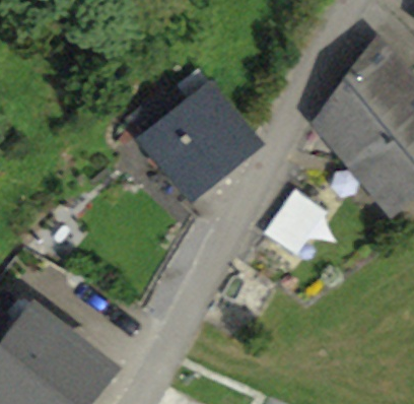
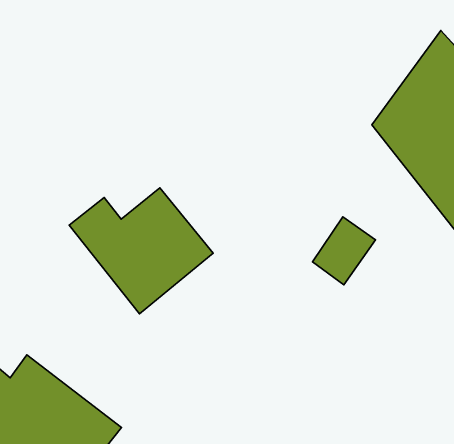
building: [132,89,253,195] -> [69,188,213,314]

